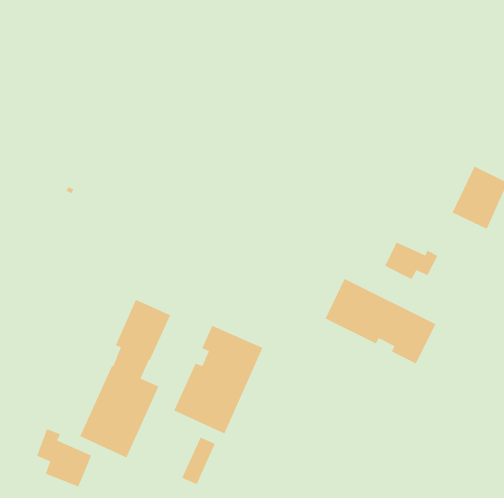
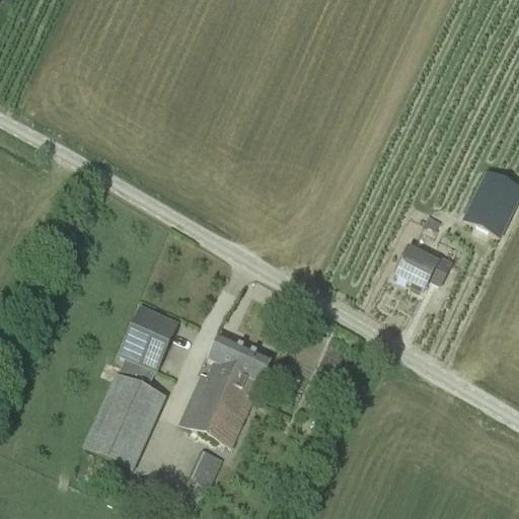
building: [325,278,437,364] -> none
building: [36,428,92,487] -> none

